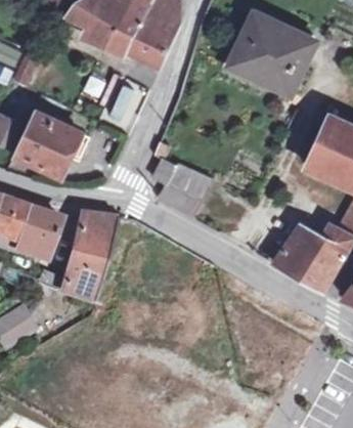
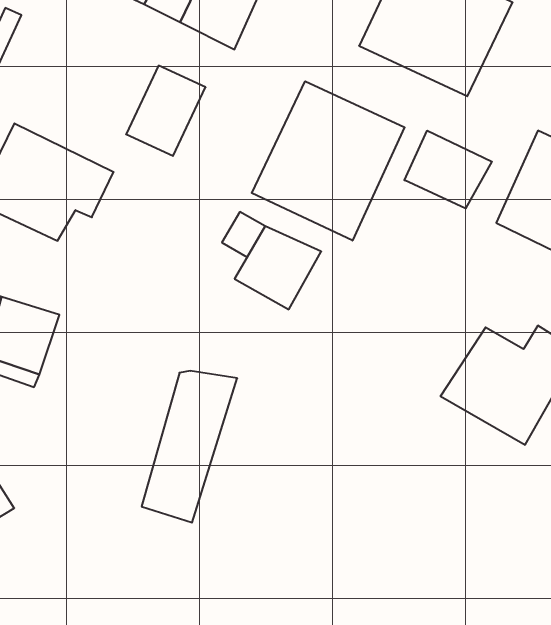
building: none -> [252,81,405,241]
building: none -> [404,131,492,209]
building: [62,214,117,300] -> [142,371,237,523]

